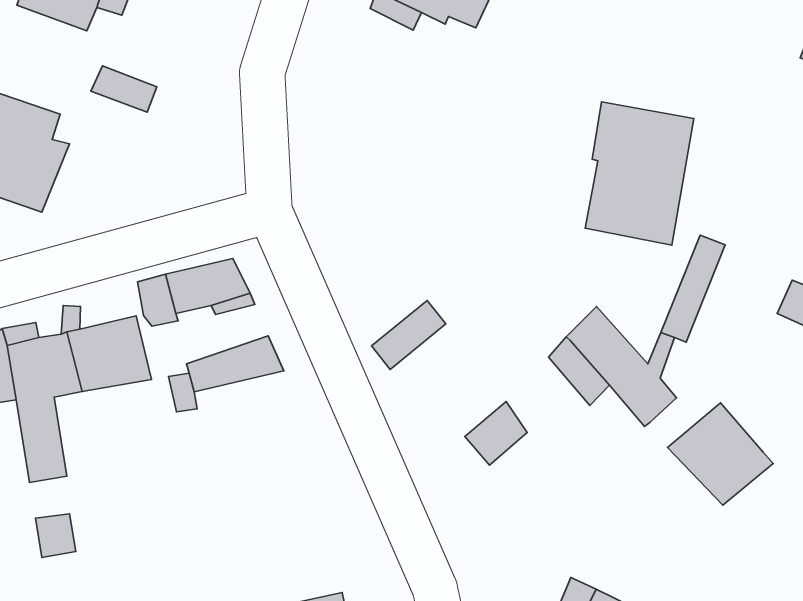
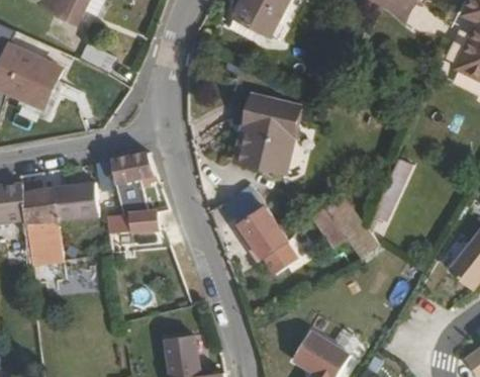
building: [585,102,694,245] -> [236,93,298,172]
building: none -> [238,206,287,258]
building: [667,403,773,505] -> none

